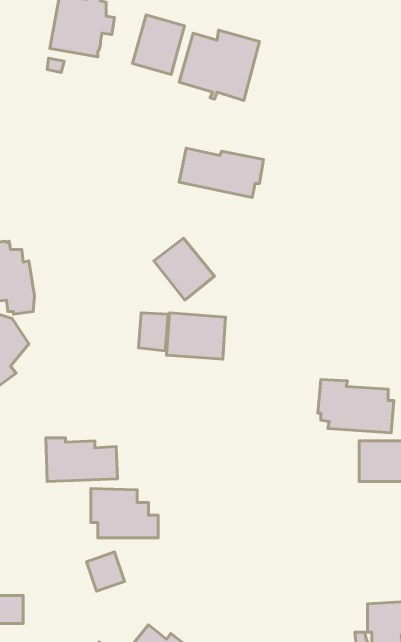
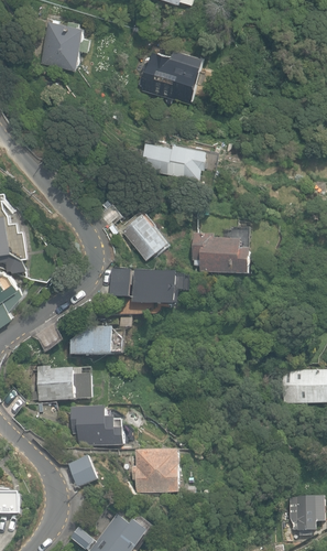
building: [133,15,185,75] -> none
building: [318,379,394,433] -> [190,233,250,274]
building: none -> [70,327,113,356]
building: none -> [131,450,181,493]

